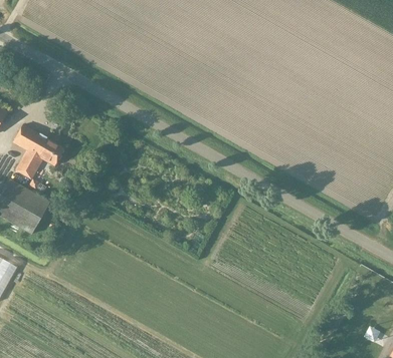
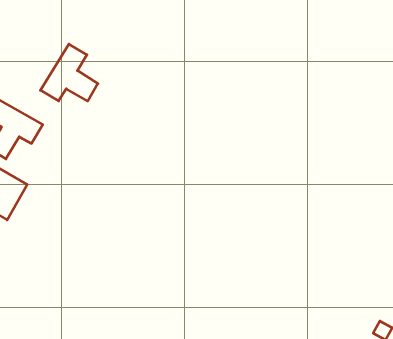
building: none -> [40,44,98,101]

